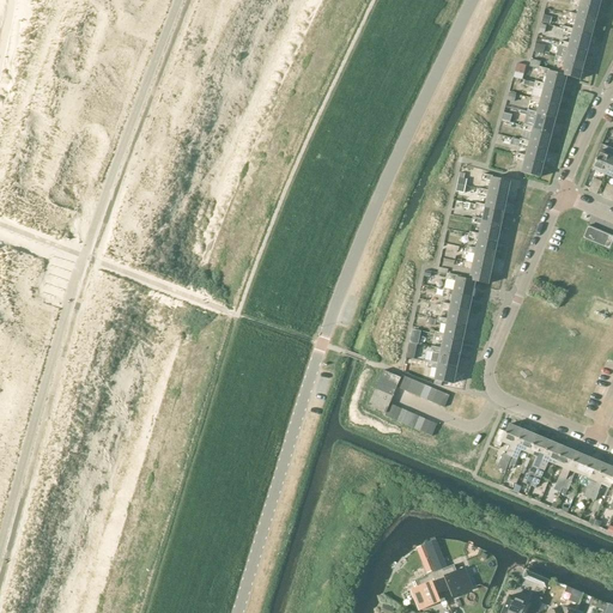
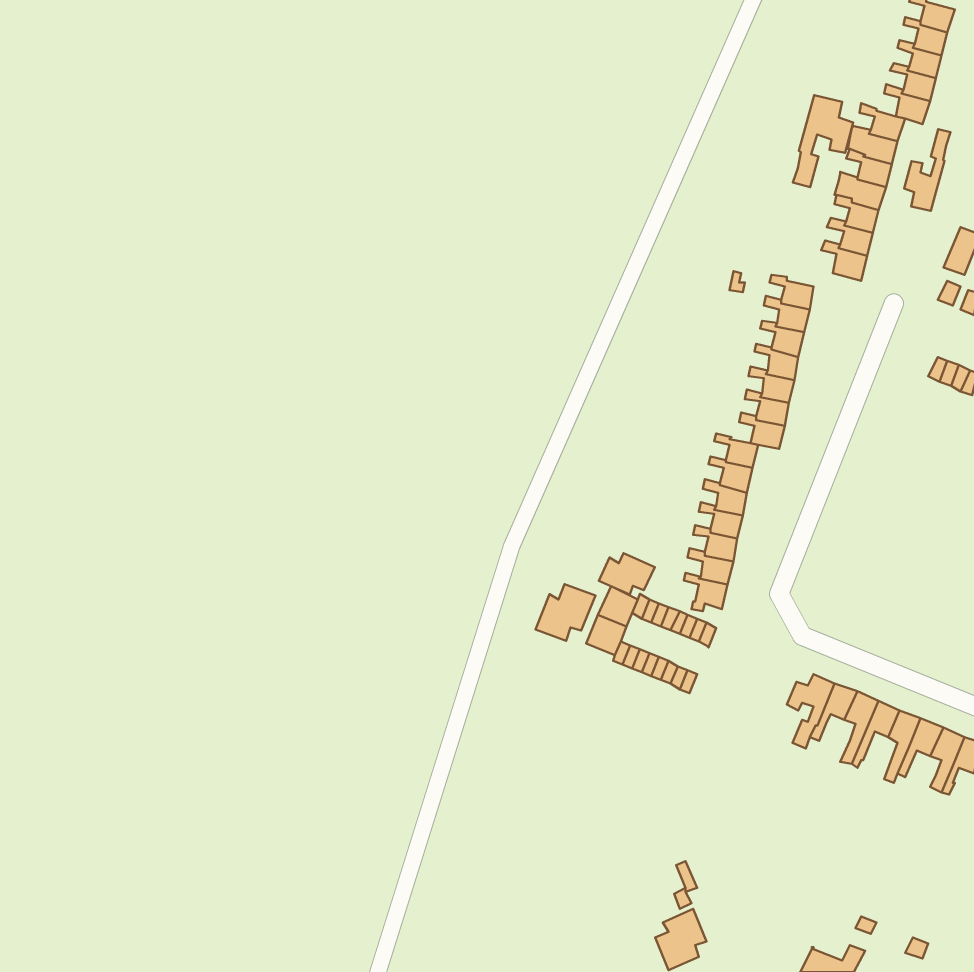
building: none -> [793,95,853,187]
building: none -> [904,129,950,211]
building: none -> [599,553,655,595]
building: none -> [536,584,595,641]
building: [436,563,473,594] -> none

